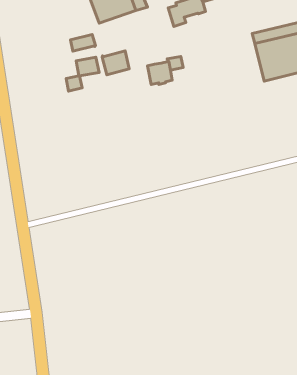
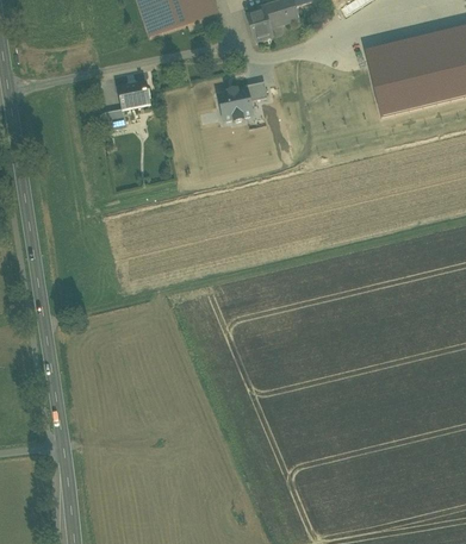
building: [71,34,95,51] -> none
building: [102,51,129,75] -> none

